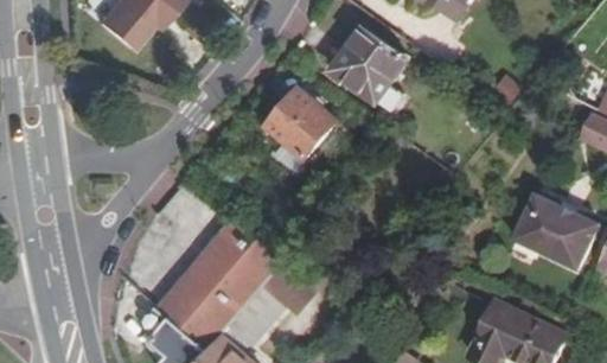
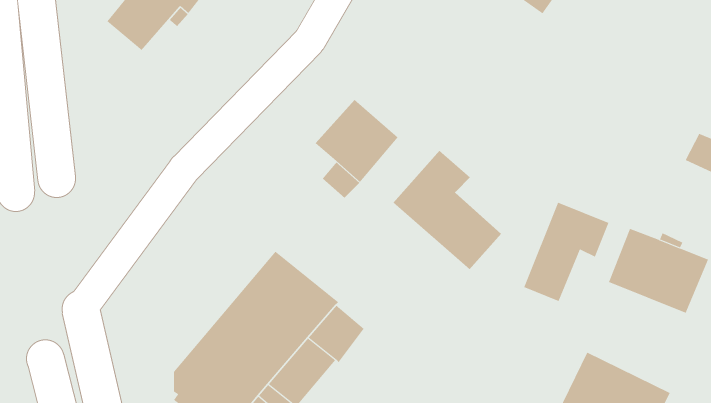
building: [332,27,407,101] -> none
building: none -> [393,150,502,270]
building: none -> [524,202,609,302]

